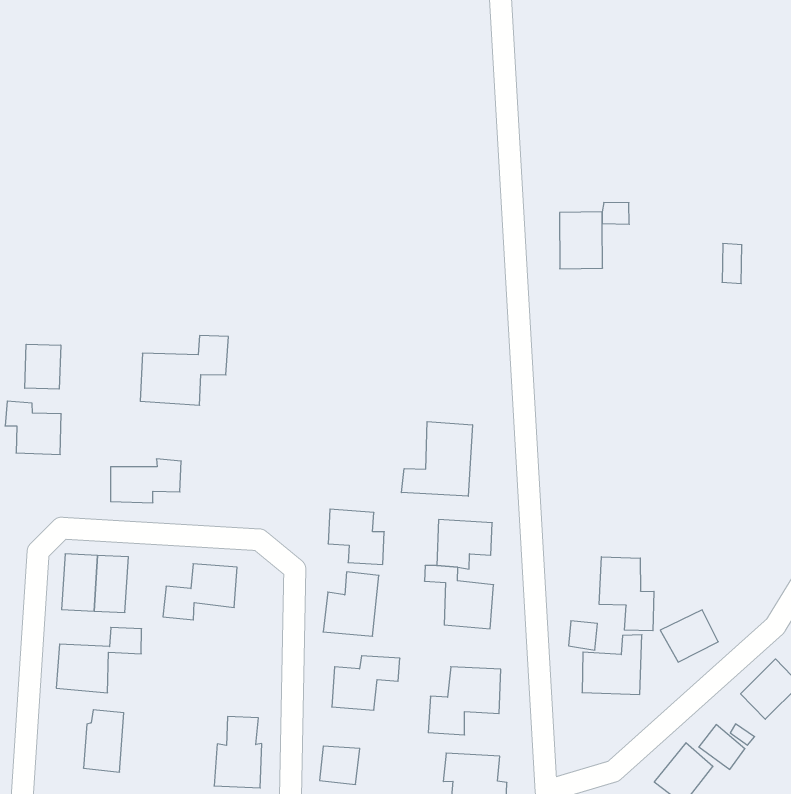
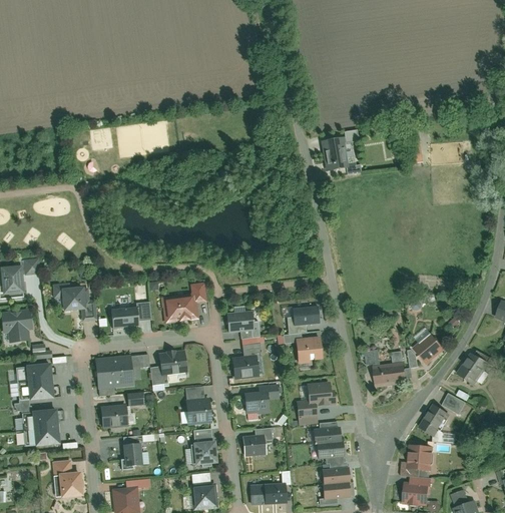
building: [140,336,228,405] -> [162,281,207,322]
building: [25,344,61,389] -> none
building: [401,422,472,496] -> none
building: [599,557,654,631] -> none
building: none -> [186,386,211,421]

